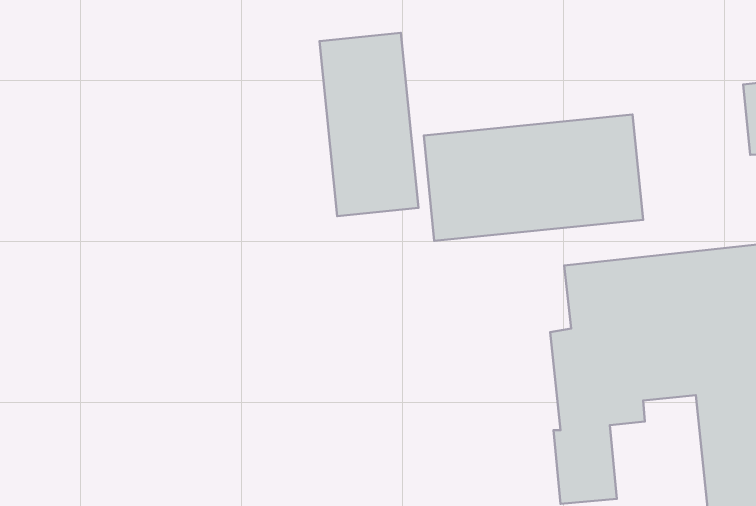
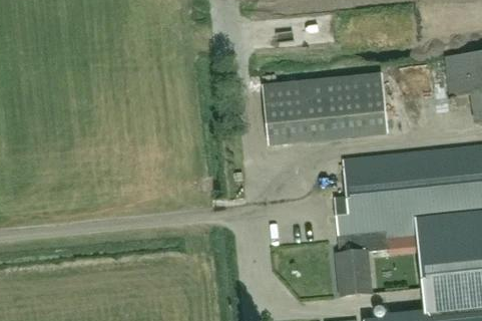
building: [319,33,418,216] -> none

